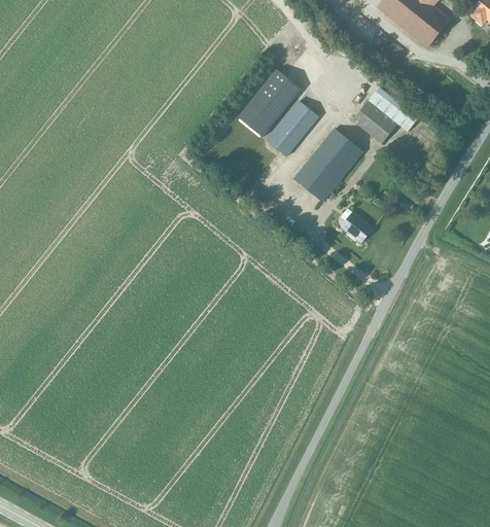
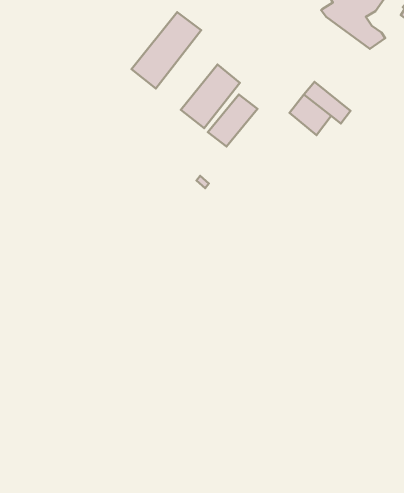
building: none -> [132,12,201,88]
building: [293,129,362,202] -> none
building: [340,212,372,243] -> none

